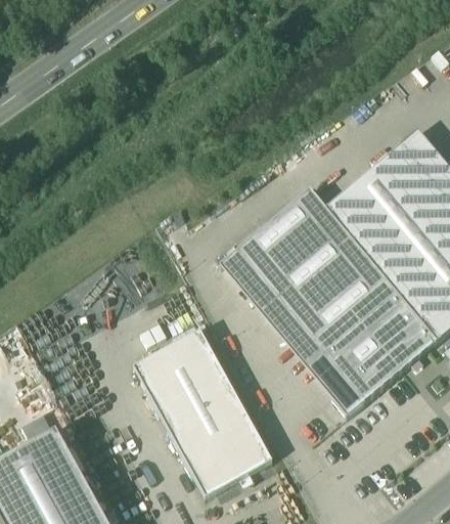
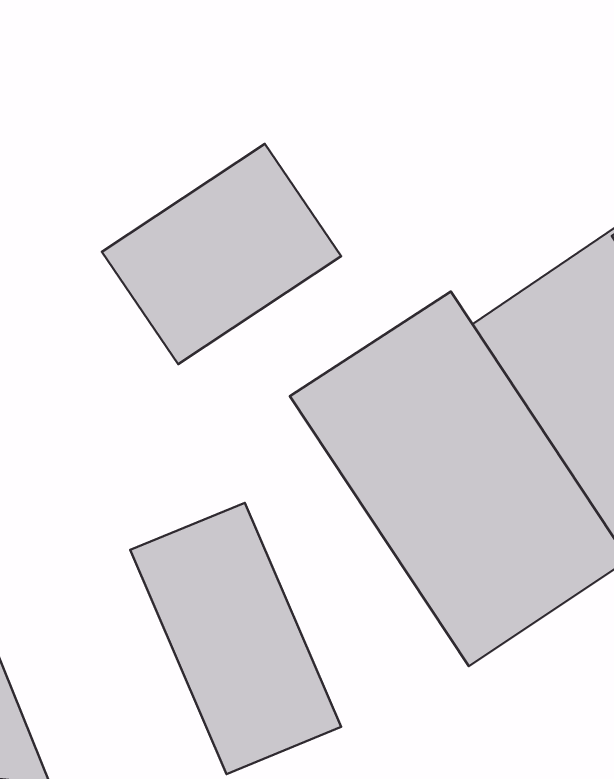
building: none -> [102,144,341,364]

